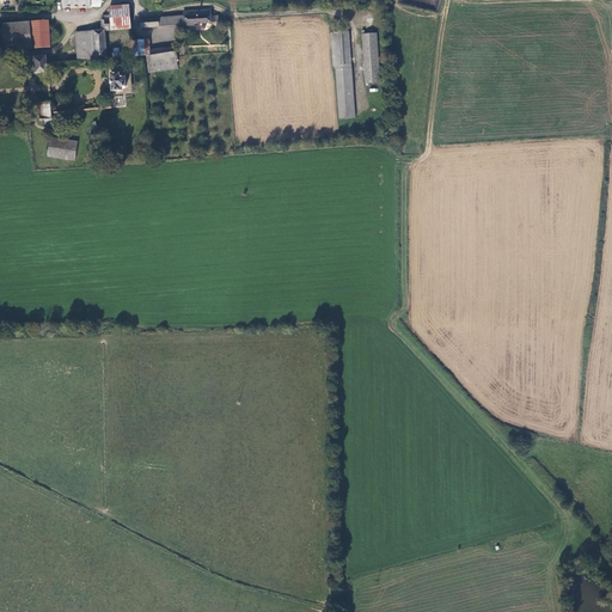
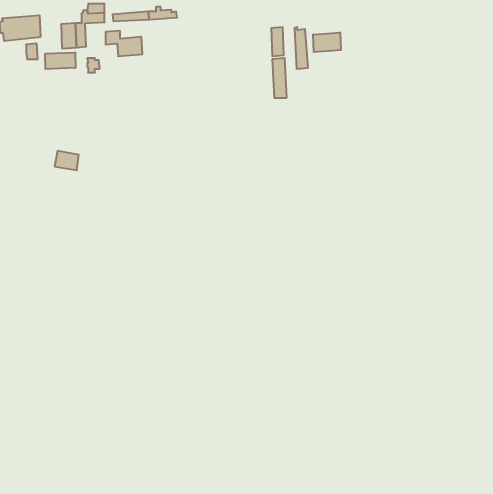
building: none -> [313,32,341,52]
building: none -> [45,52,75,69]
building: [45,136,75,160] -> [55,151,79,170]

